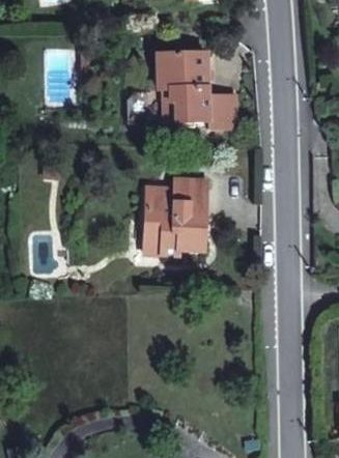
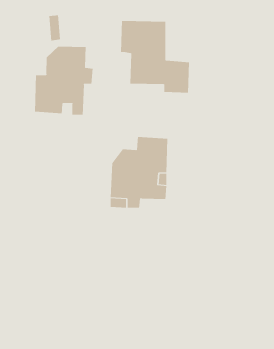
building: none -> [34,46,93,115]

